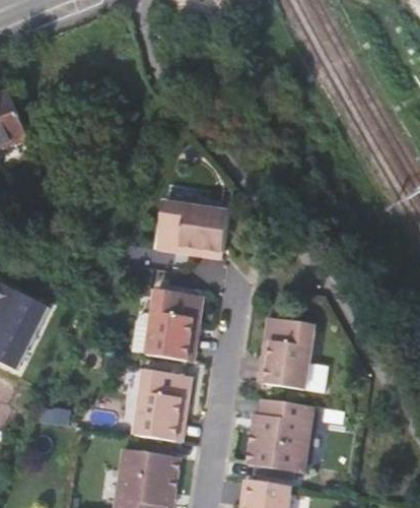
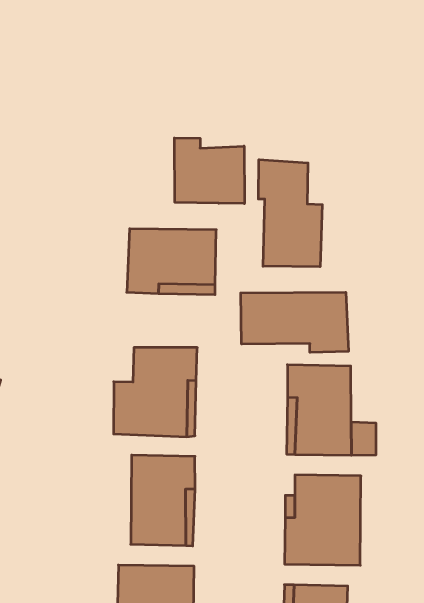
building: none -> [174,138,244,204]
building: none -> [258,160,322,267]
building: none -> [241,292,348,352]

